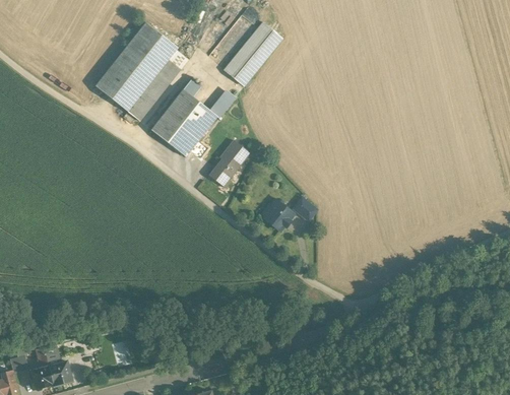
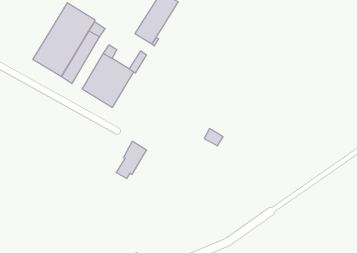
building: [208,139,249,184] -> [116,141,147,178]
building: [263,198,293,231] -> none

